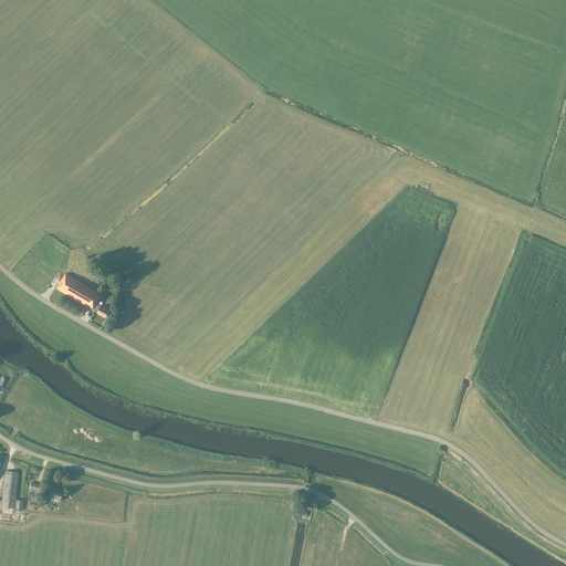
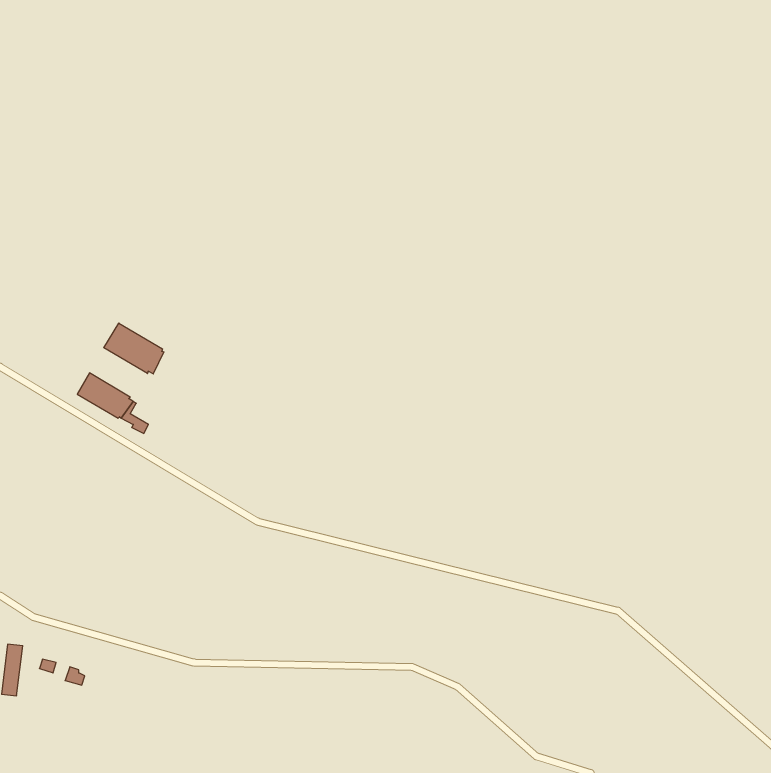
building: none -> [104,323,164,374]

